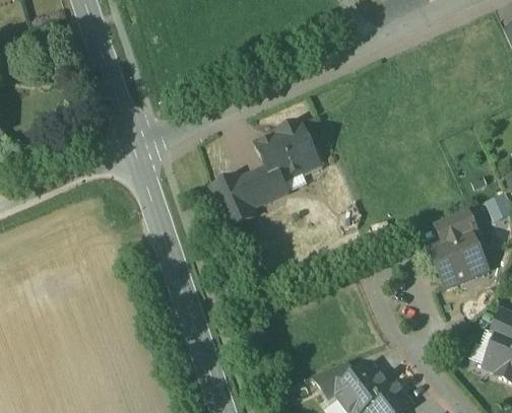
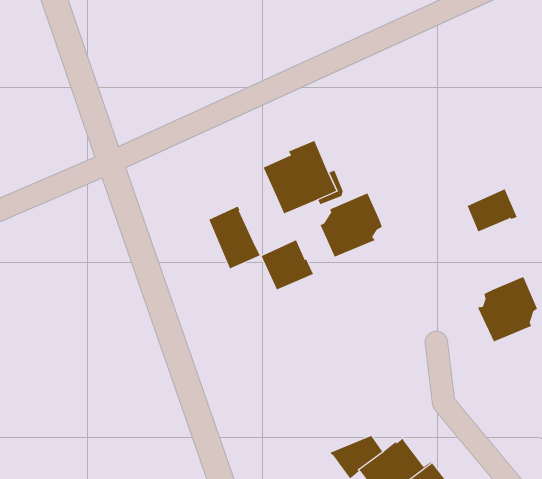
building: none -> [320,193,382,257]
building: [237,165,280,207] -> [260,239,314,290]
building: [434,208,475,244] -> [467,189,517,232]

